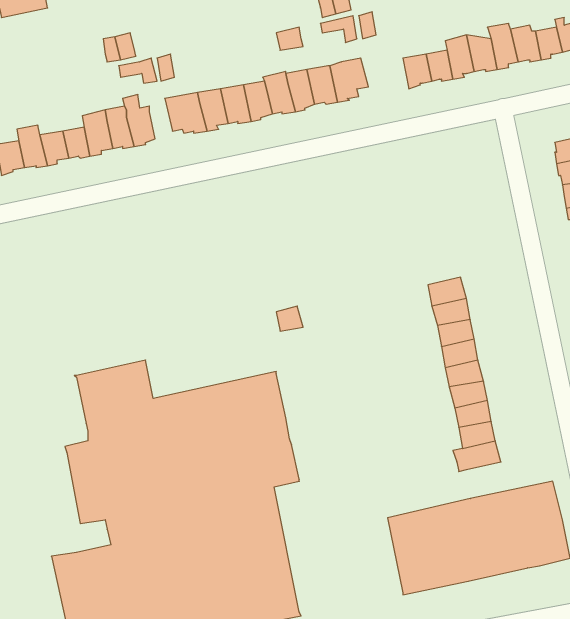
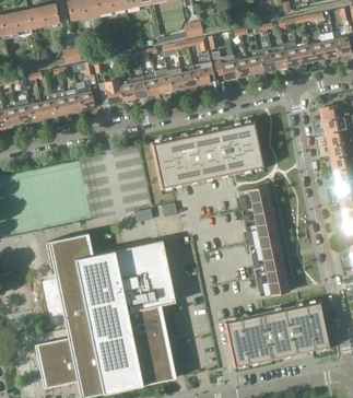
building: none -> [213,51,238,80]
building: none -> [153,122,263,188]

